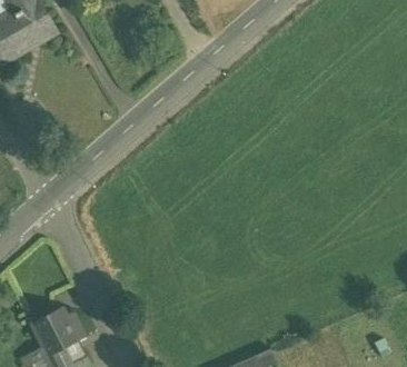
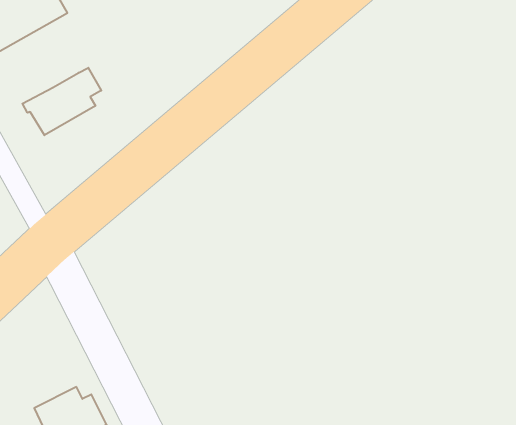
building: none -> [22,68,101,135]

